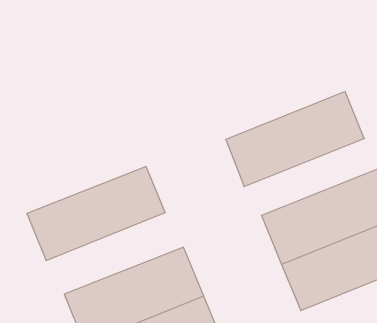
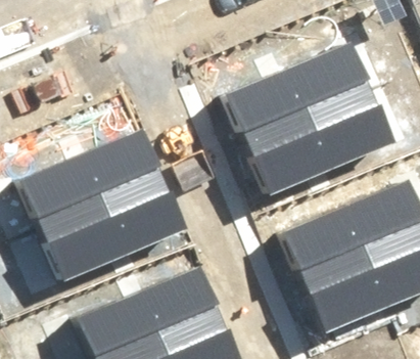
building: none -> [226,48,374,151]
building: none -> [14,127,162,230]

